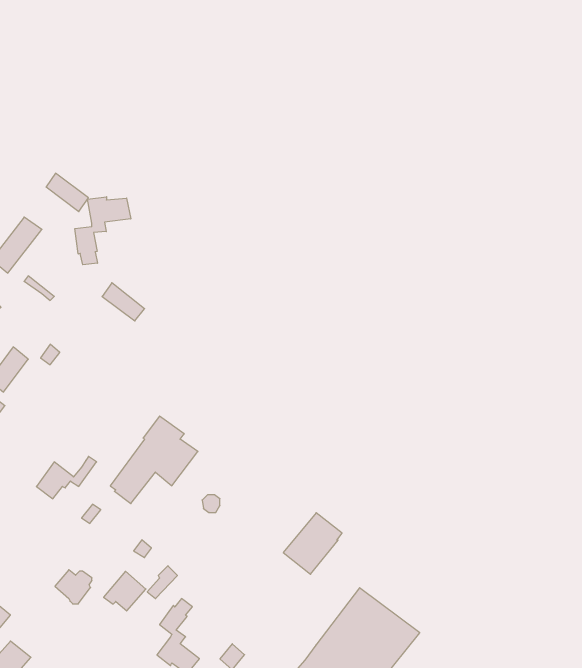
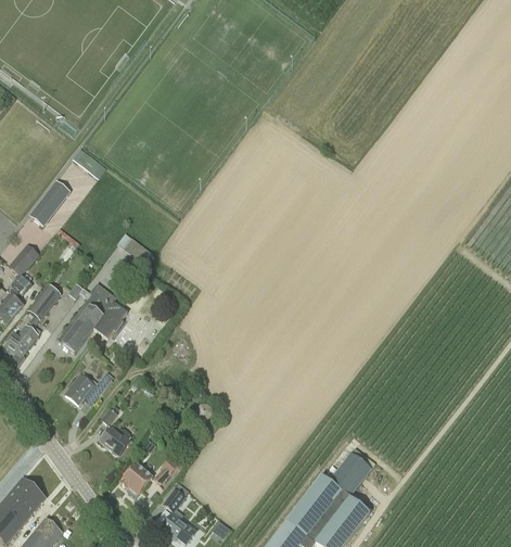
building: [75,197,131,265] -> none
building: [110,416,198,504] -> [59,283,128,353]
building: [283,513,342,574] -> [330,447,376,496]
building: [55,570,92,604] -> [101,428,130,455]

